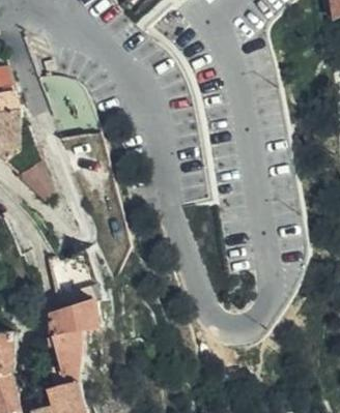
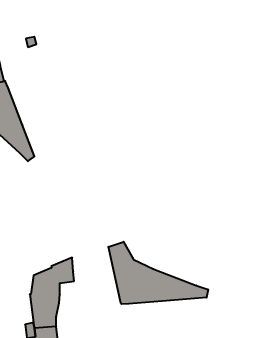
building: none -> [108,242,208,304]

